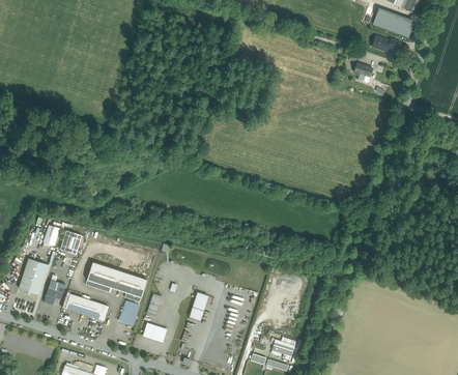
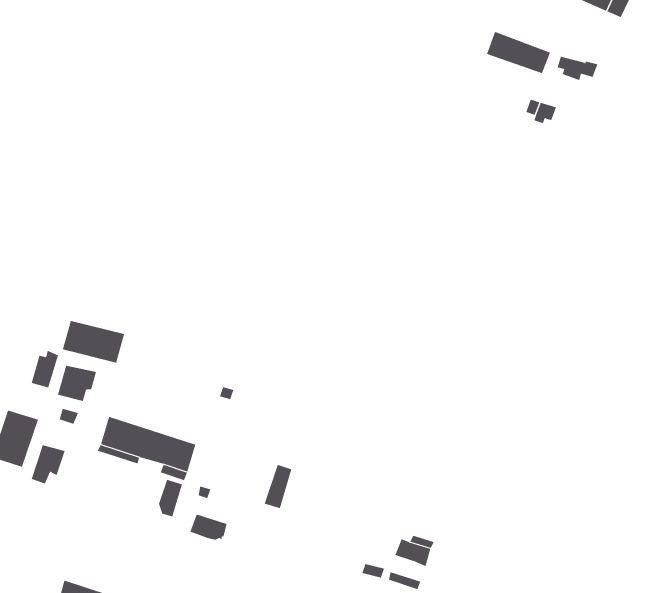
building: [372,10,412,37] -> [486,31,551,74]
building: none -> [62,320,125,363]
building: [64,293,104,319] -> none

